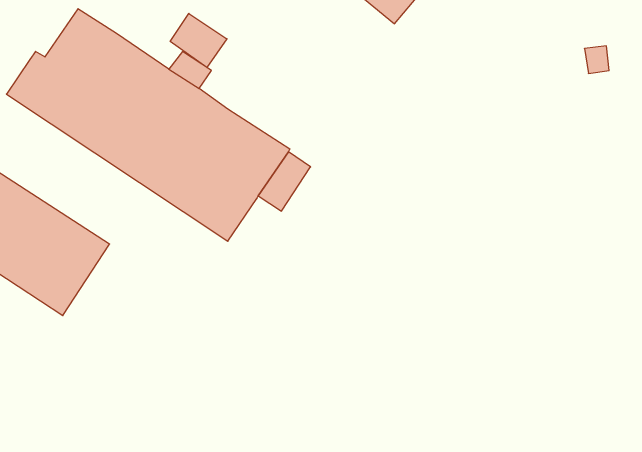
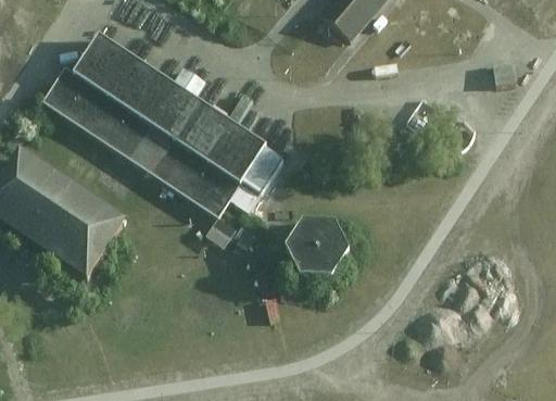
building: [170,13,227,68] -> none
building: none -> [288,224,351,279]

